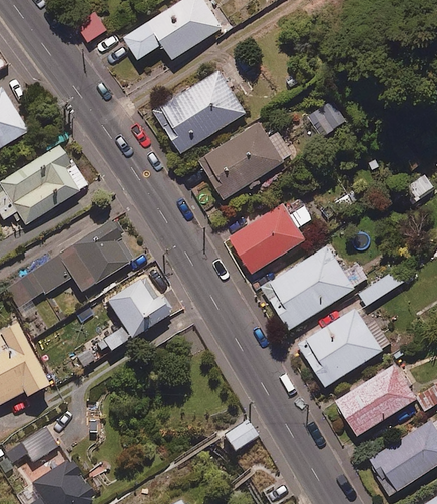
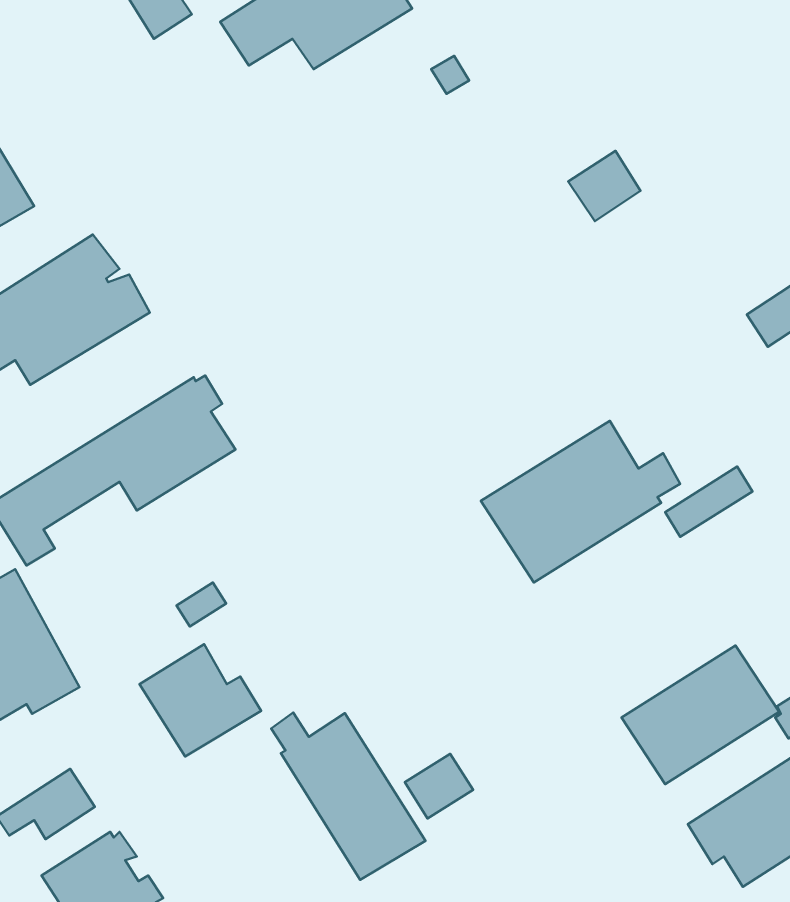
building: [154,69,246,151] -> none
building: [199,121,284,197] -> none
building: [228,202,305,274] -> none
building: [104,280,168,339] -> [139,644,261,756]
building: [294,305,389,388] -> none
building: none -> [271,713,426,880]

